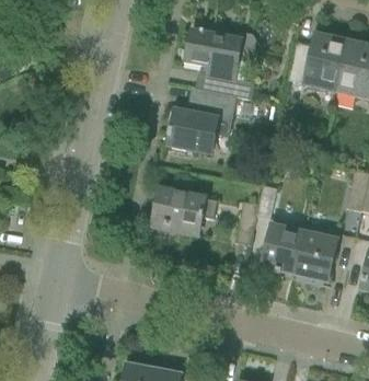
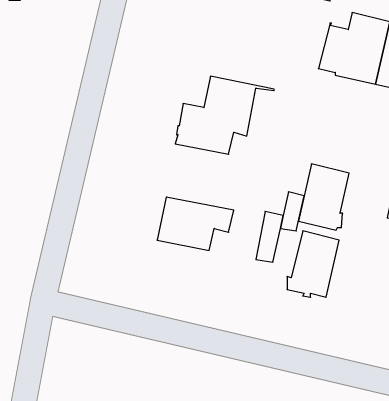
building: [186,30,256,99] -> none
building: [296,226,338,281] -> [298,164,349,230]

